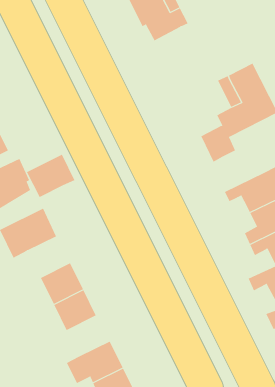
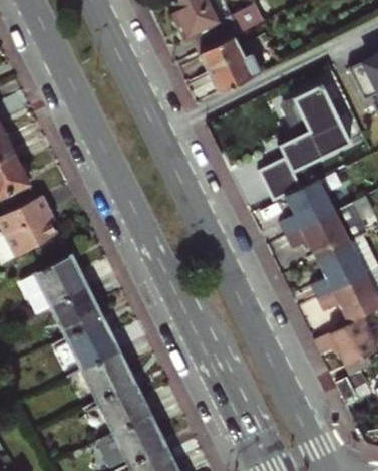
building: none -> [203,39,265,93]
building: none -> [278,179,333,236]
building: [26,154,75,198] -> none
building: none -> [52,289,103,338]
building: none -> [98,384,150,432]

